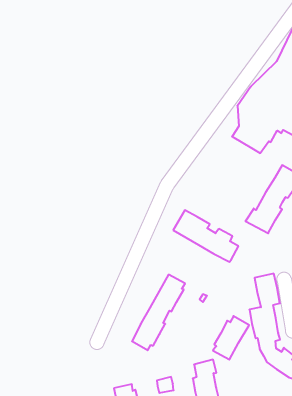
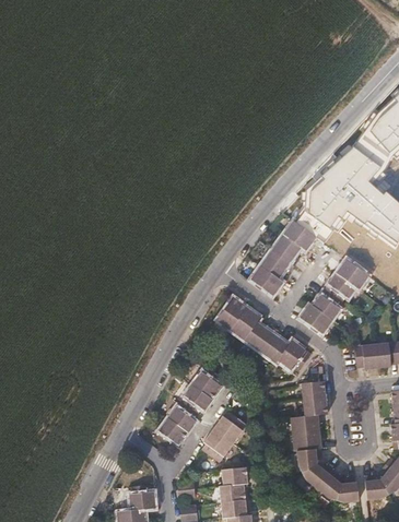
building: none -> [250,222,315,295]
building: none -> [278,340,310,370]
building: [213,316,249,360] -> [203,414,247,462]

